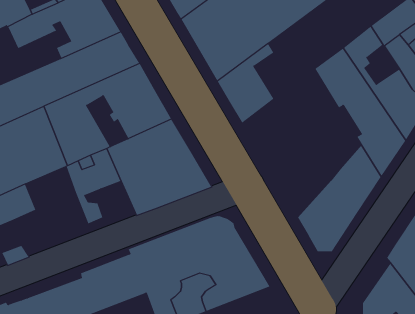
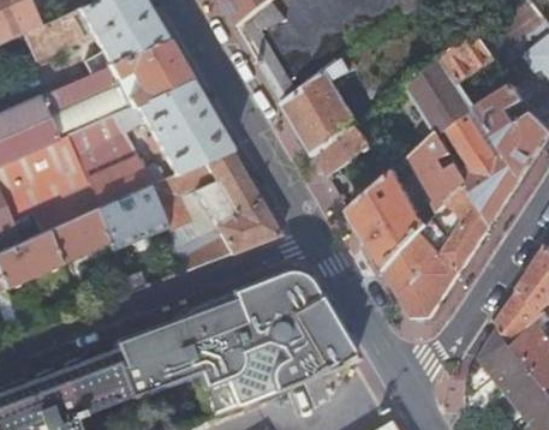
building: none -> [317,126,371,177]
building: none -> [410,137,467,213]
building: none -> [350,173,429,274]
building: none -> [46,210,108,264]

